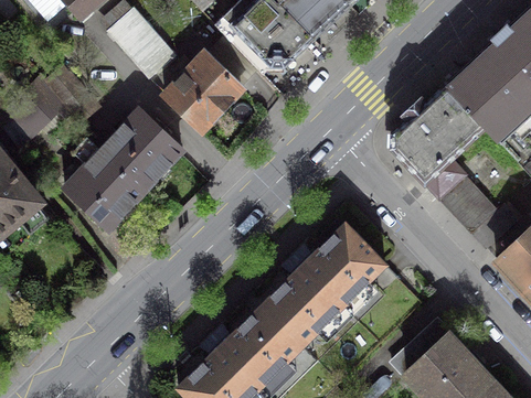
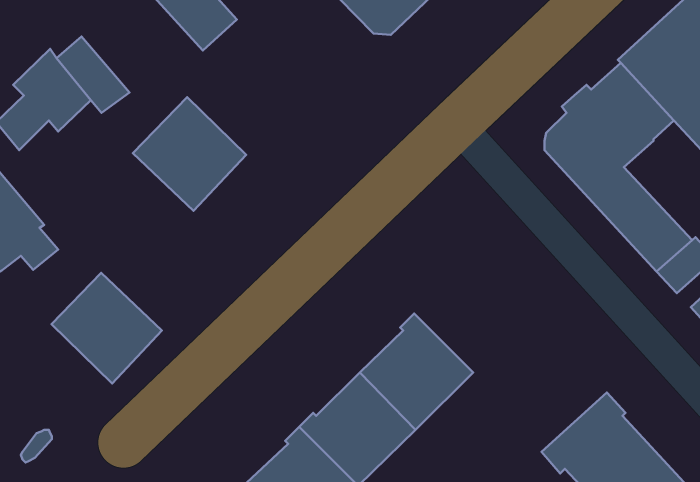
building: [164,52,241,129] -> none
building: [65,149,144,227] -> [51,273,162,383]
building: [300,223,384,304] -> none

